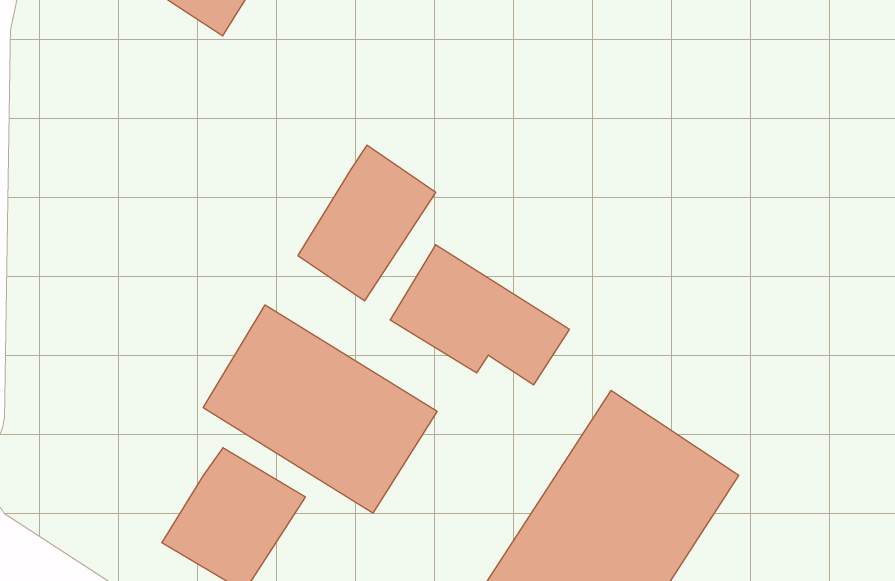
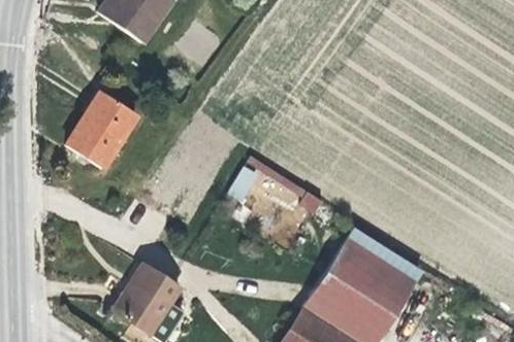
building: [298,145,436,301] -> [63,94,135,175]
building: [203,305,437,513] -> none

